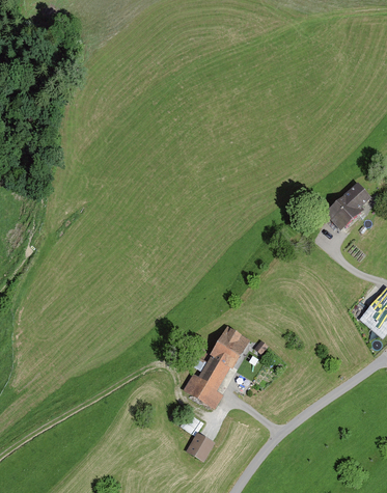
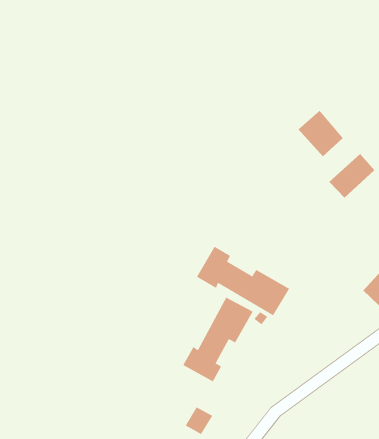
building: none -> [298,110,344,157]
building: none -> [196,246,290,316]

